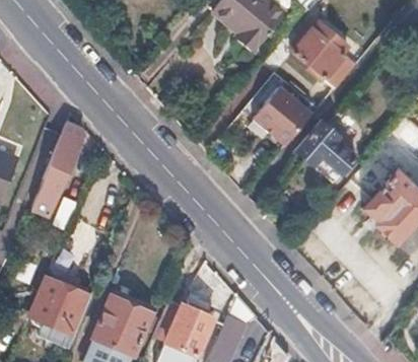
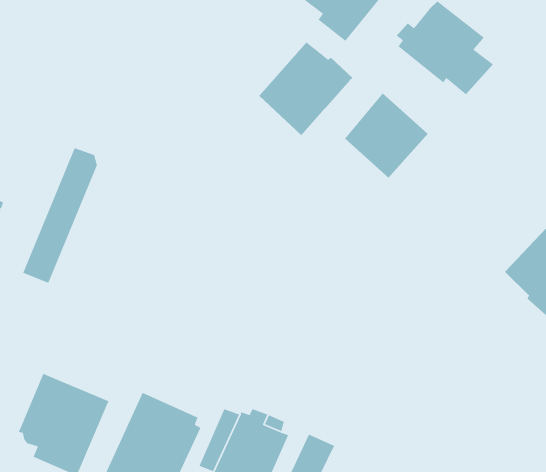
building: none -> [259,41,354,136]
building: [294,121,355,173] -> none

